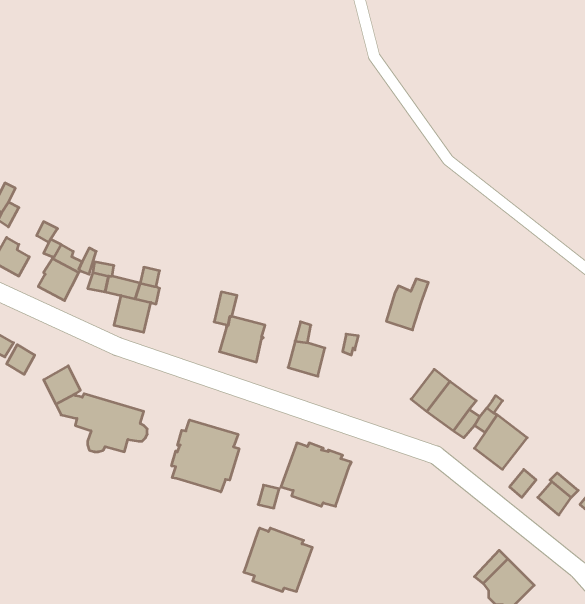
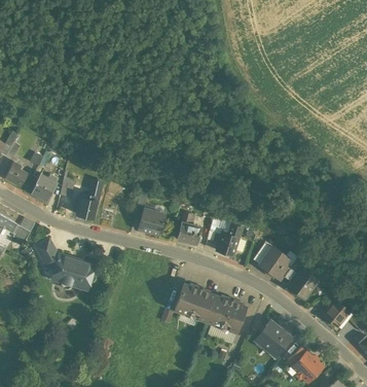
building: [386,279,428,330] -> [217,225,242,255]
building: [172,420,239,492] -> none
building: none -> [257,321,289,355]
building: [244,528,312,591] -> [206,294,246,331]

